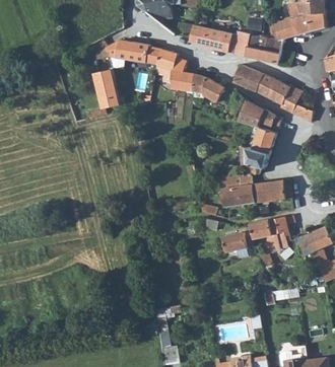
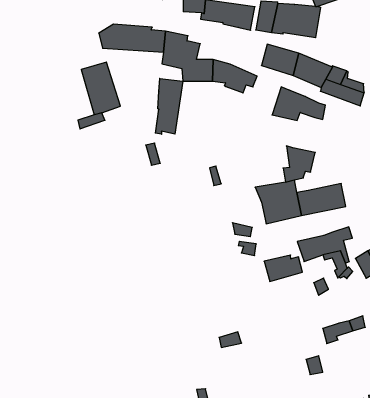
building: none -> [155,78,183,134]
building: [253,127,276,153] -> none

